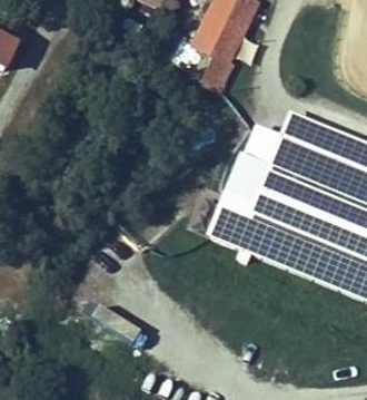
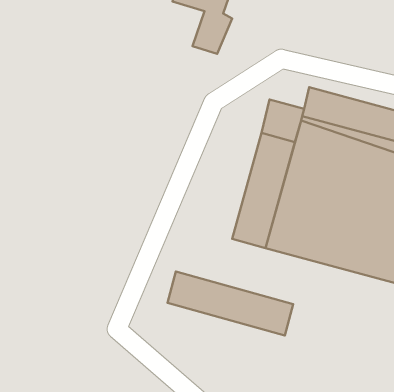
building: none -> [167,272,293,335]

